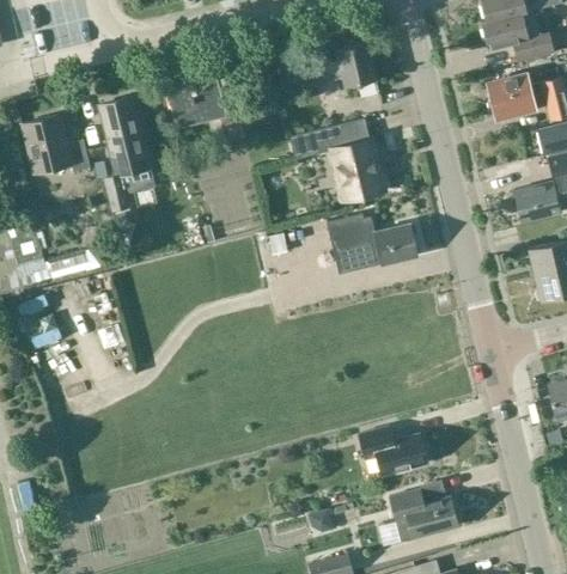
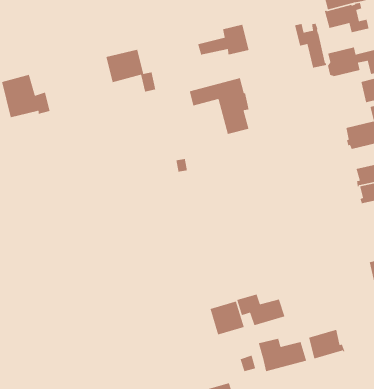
building: none -> [294,23,327,69]
building: [99,98,154,210] -> none
building: [328,213,419,267] -> none
building: none -> [209,301,245,336]
building: none -> [308,329,345,360]

